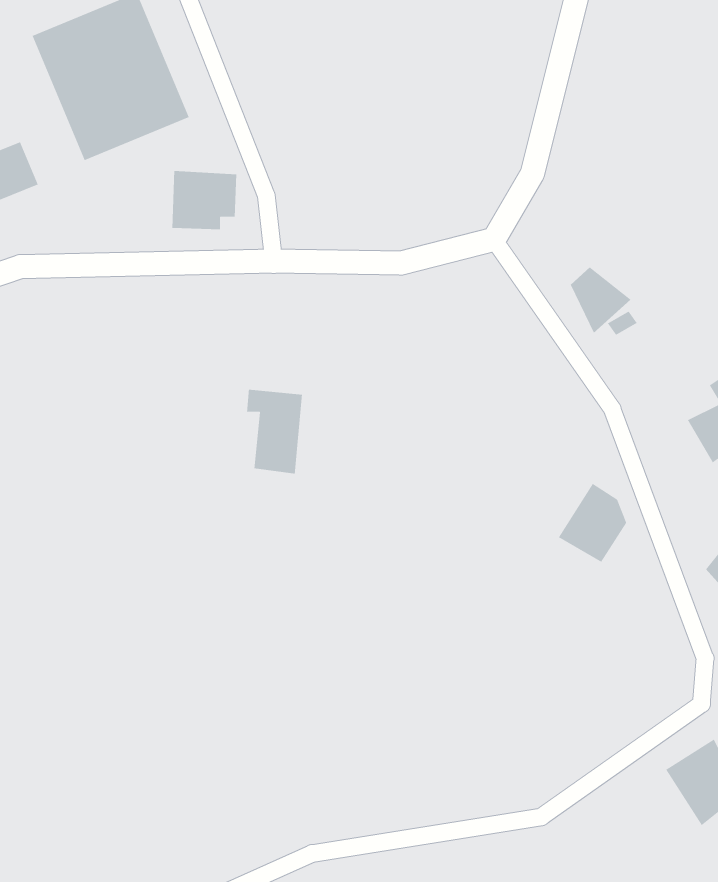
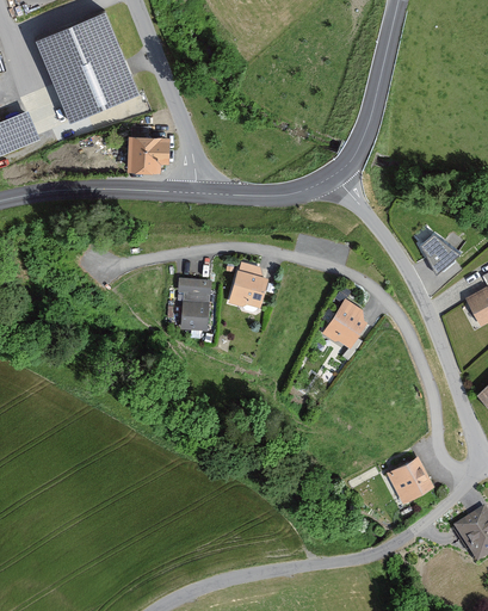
building: [570,267,632,334] -> [420,235,461,279]
building: none -> [229,260,266,307]
building: [558,483,627,563] -> [322,297,367,350]
building: none -> [385,453,433,501]

